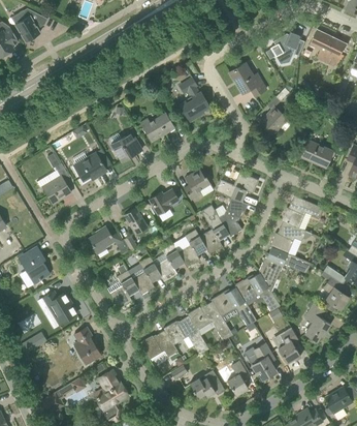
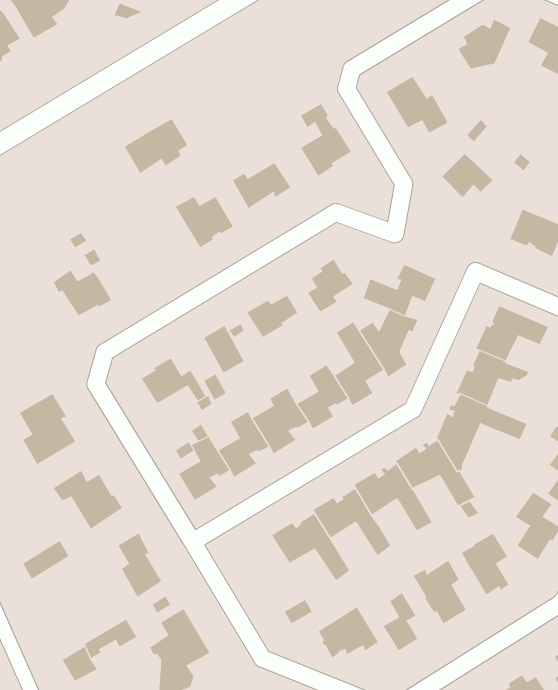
building: [73,149,110,181] -> [124,118,188,174]
building: [139,330,177,359] -> none

